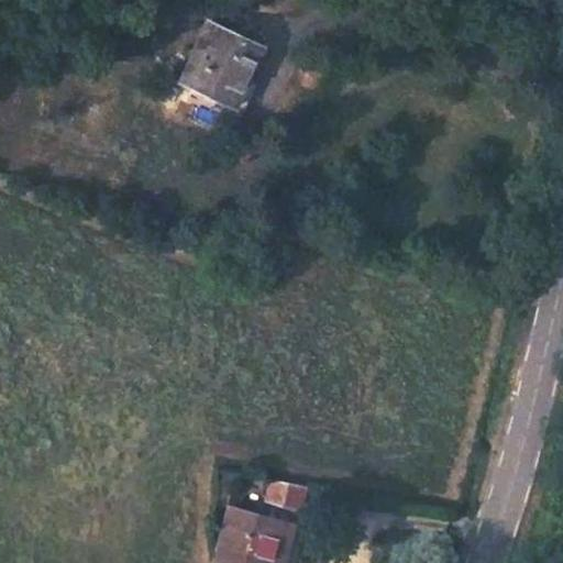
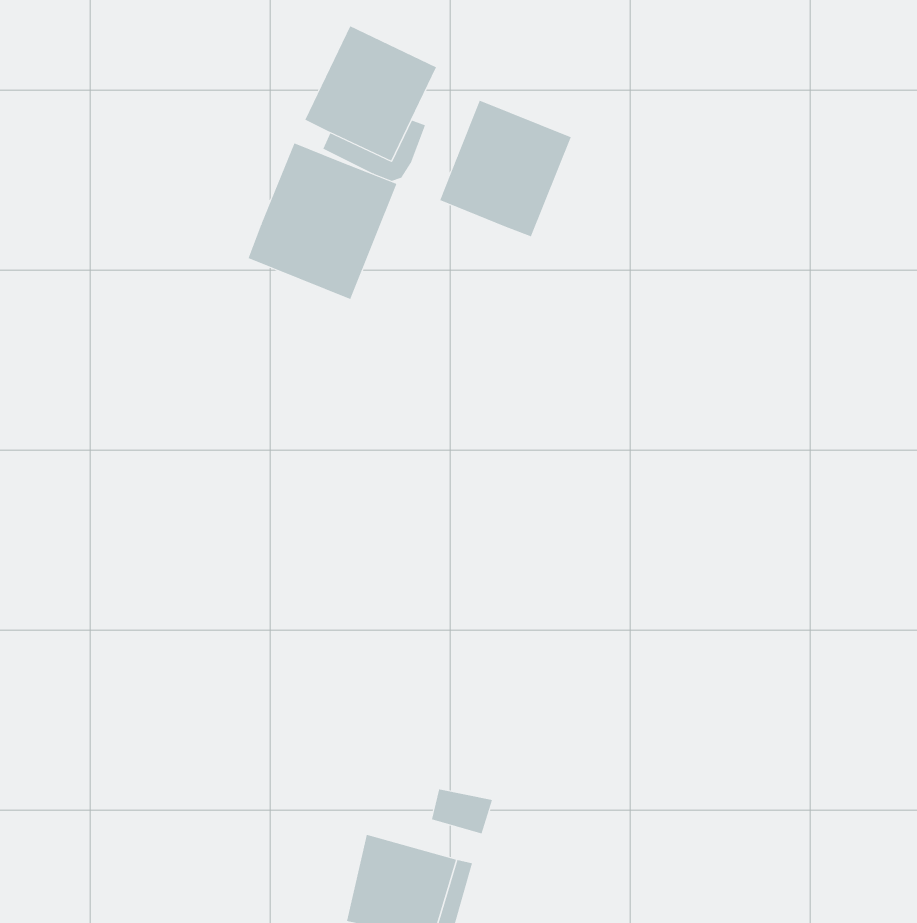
building: none -> [439,100,571,237]
building: none -> [248,142,397,300]

